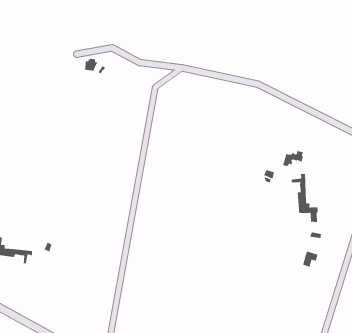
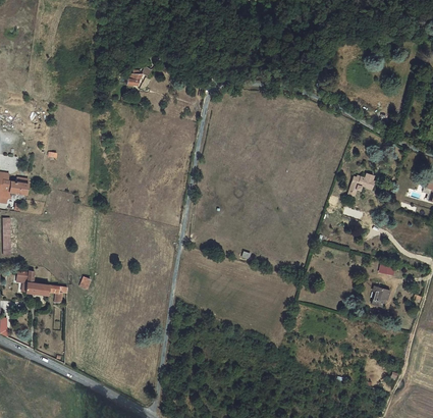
building: [291,173,319,223] -> none

